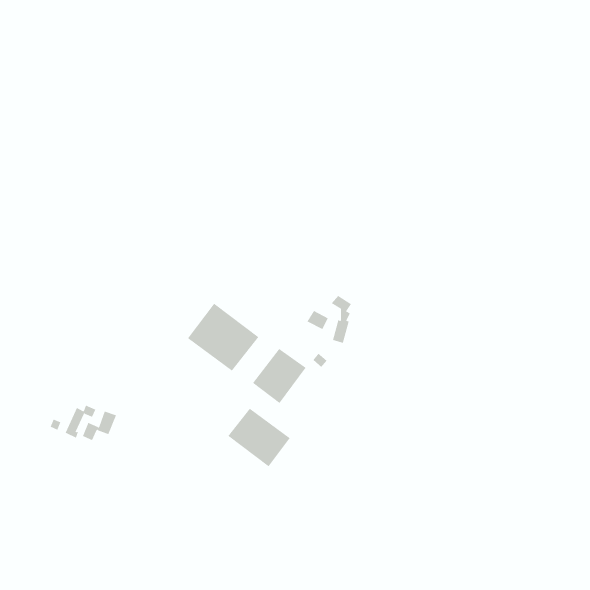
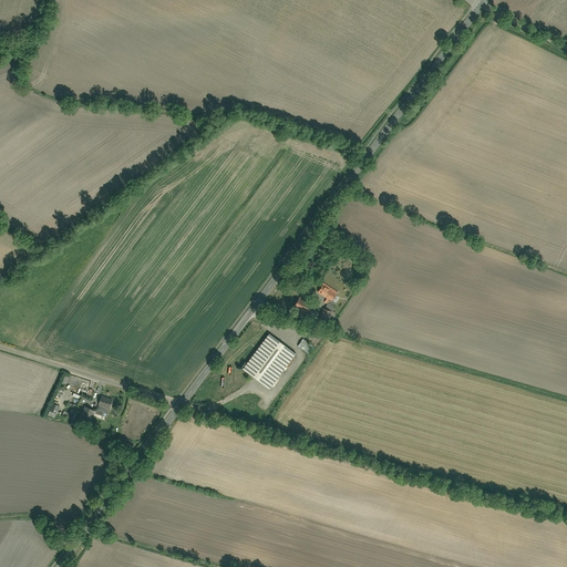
building: [187,303,259,371] -> none
building: [227,408,290,467] -> none

